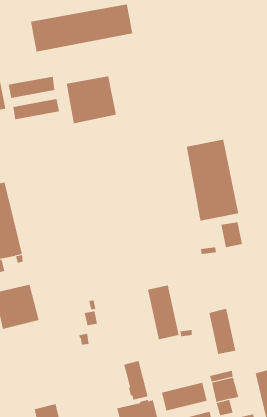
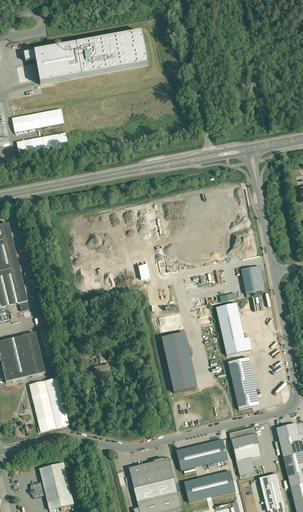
building: [66,76,116,124] -> none
building: [186,139,239,222] -> none
building: none -> [218,302,249,352]
building: none -> [29,376,67,429]
building: [123,360,148,400] -> none

